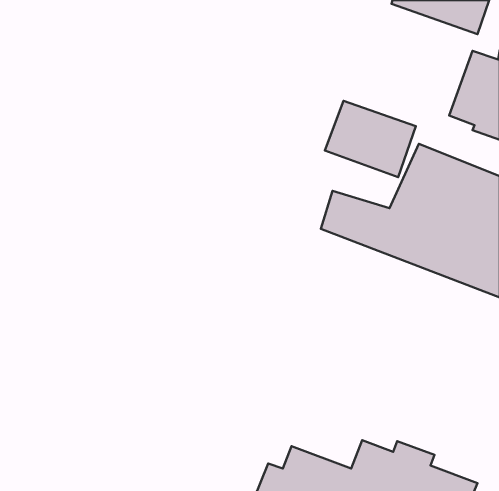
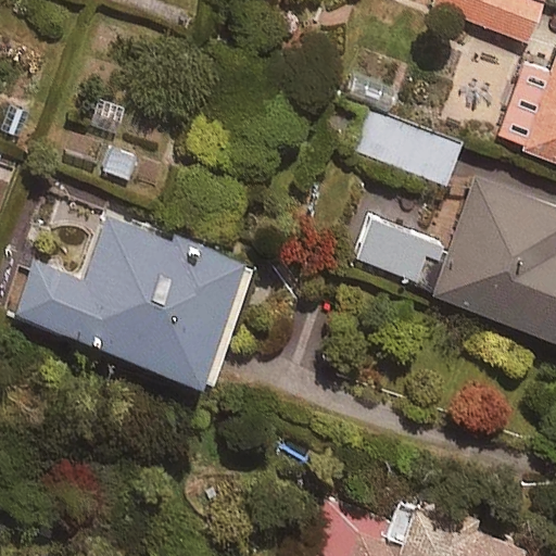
building: none -> [16,214,252,386]

